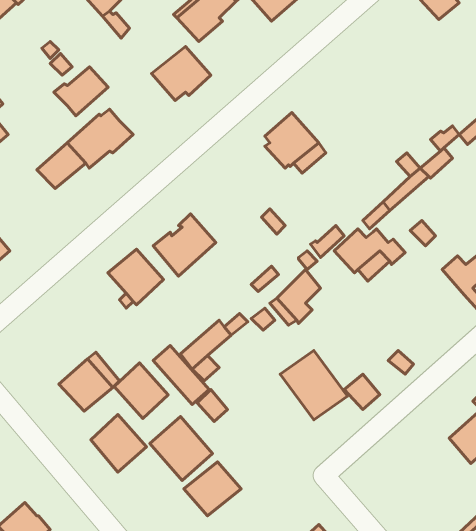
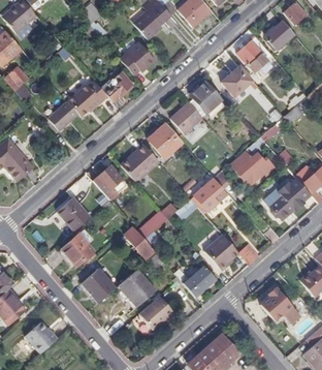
building: none -> [264,20,293,47]
building: none -> [238,36,270,71]
building: [54,67,108,116] -> [100,71,133,101]
building: none -> [221,65,253,96]
building: none -> [171,102,202,133]
building: none -> [149,122,184,158]
building: none -> [264,177,311,219]
building: [114,363,168,418] -> [57,196,90,230]
building: none -> [174,266,215,297]
building: none -> [260,286,301,323]

